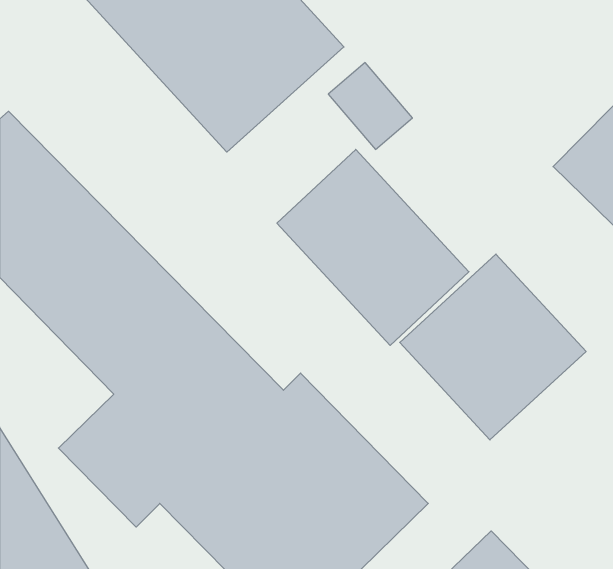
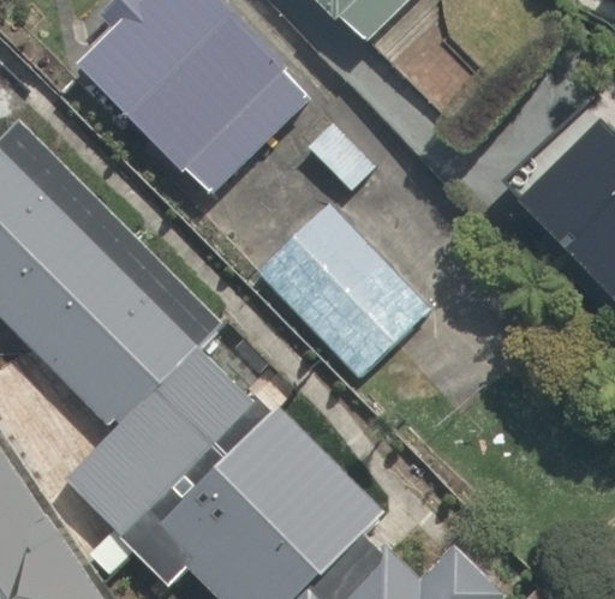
building: [400,254,586,440] -> none

